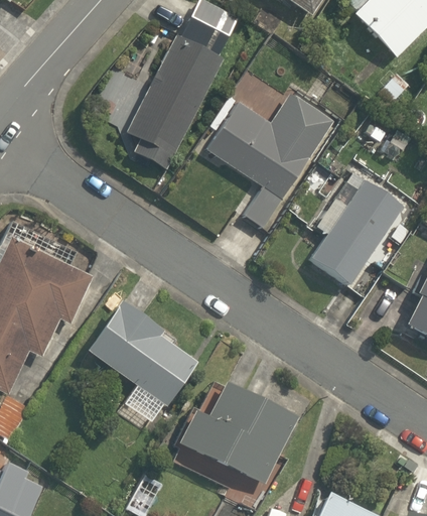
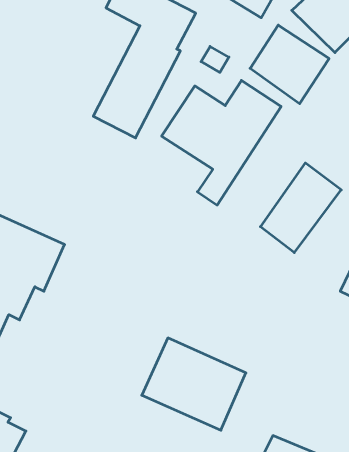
building: none -> [250,25,329,104]
building: [85,301,198,421] -> none

